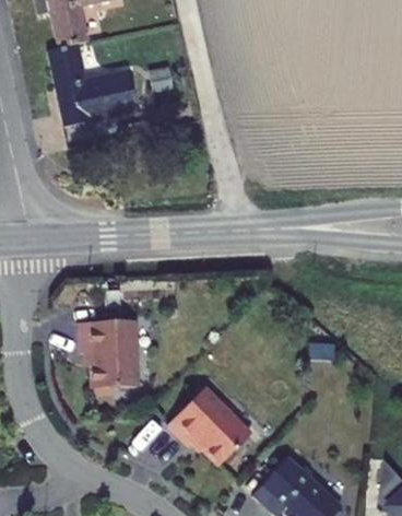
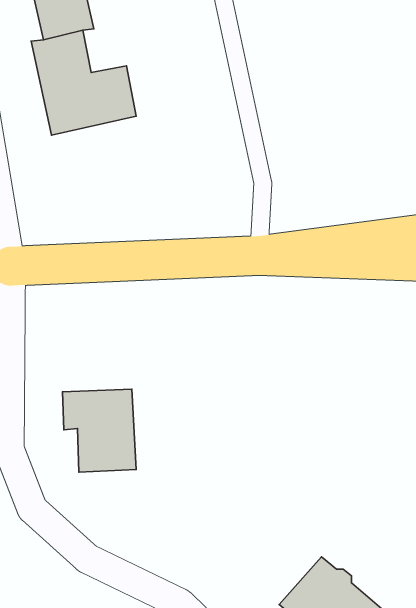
building: [168,387,250,462] -> none

